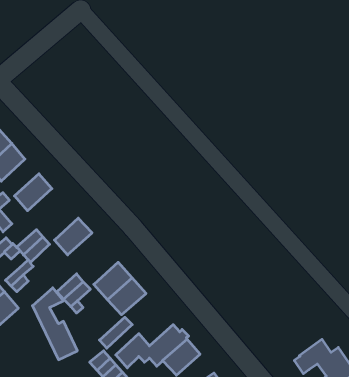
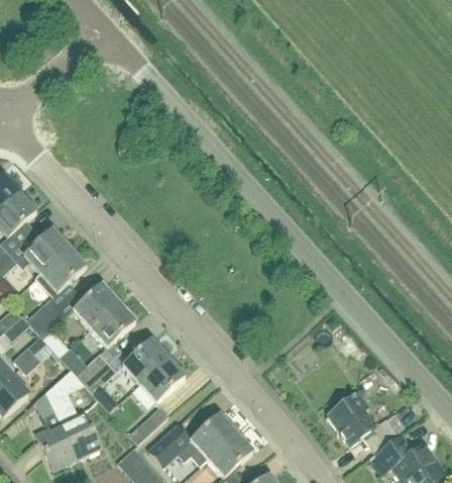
building: none -> [35,246,87,295]
building: none -> [89,300,135,346]
building: none -> [328,389,403,452]
building: none -> [34,390,78,468]

